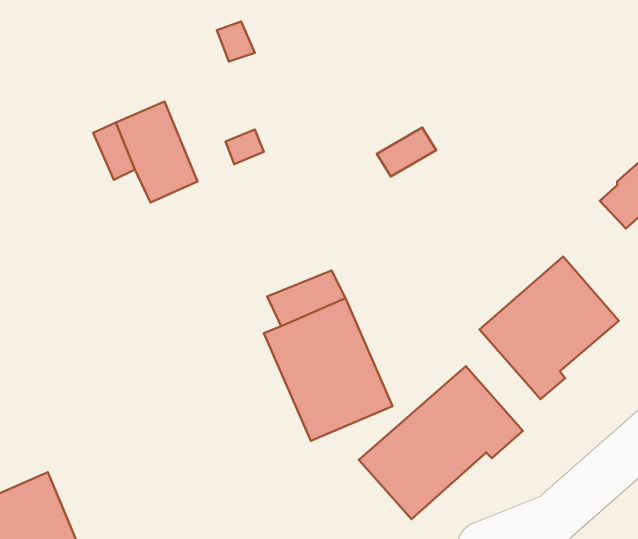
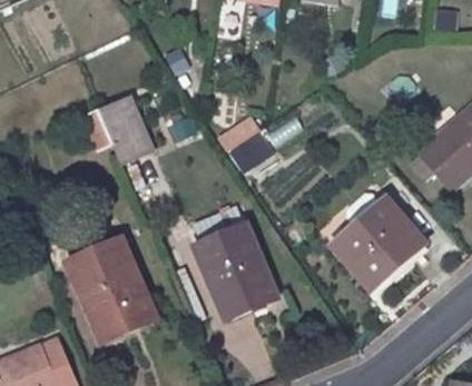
building: none -> [219,116,275,175]
building: none -> [68,240,156,340]
building: [359,366,523,519] -> none

